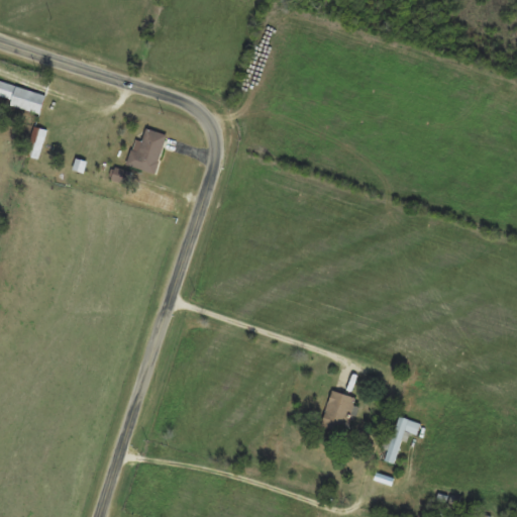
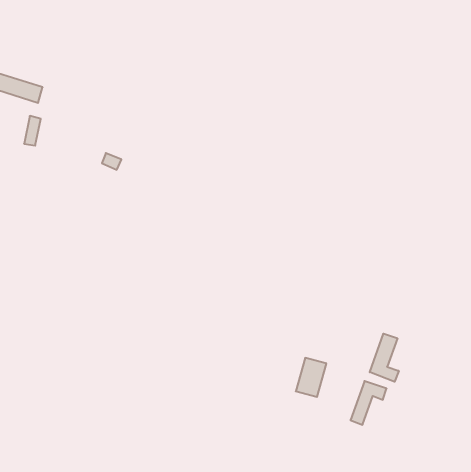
building: [126,128,166,174] -> none
building: none -> [370,334,399,382]

